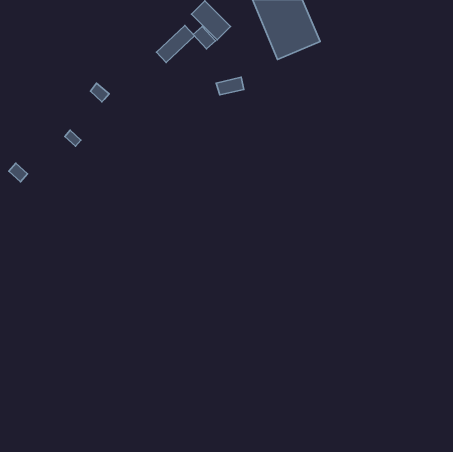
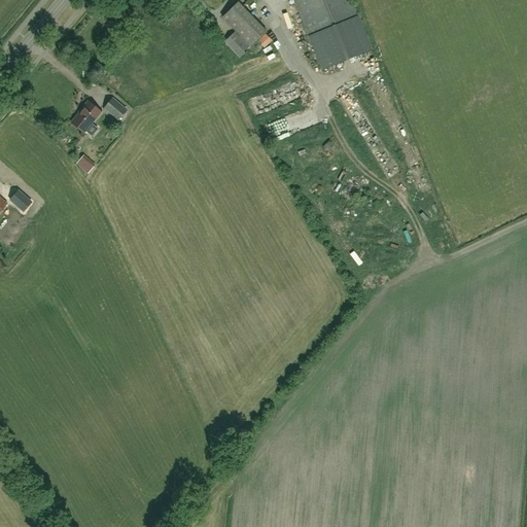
building: [156,26,195,63] -> none
building: none -> [71,100,101,132]

